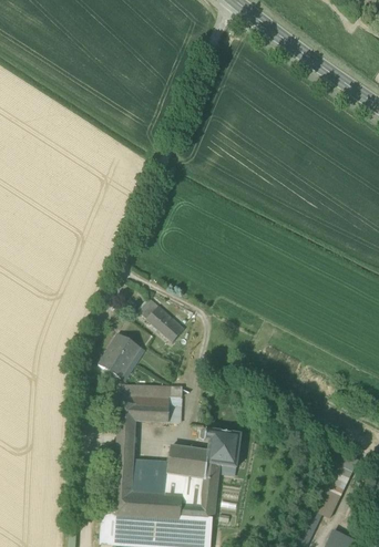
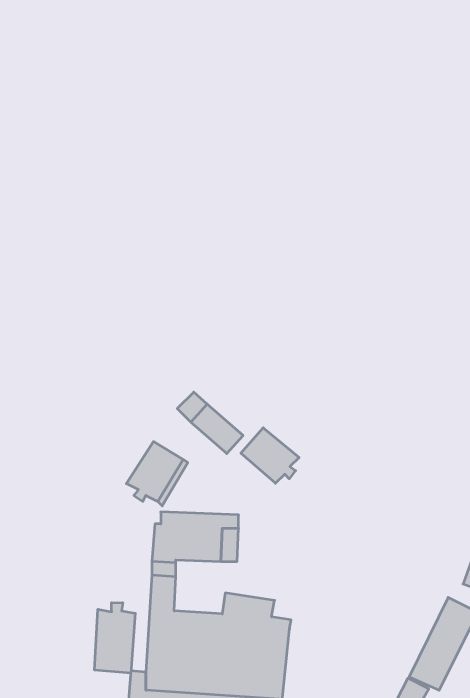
building: none -> [241,428,299,483]
building: [201,429,240,467] -> none
building: none -> [95,603,135,673]

